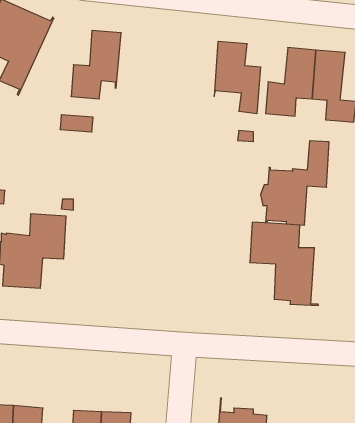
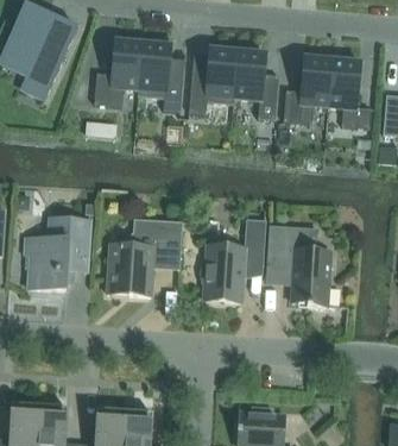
building: none -> [138,42,182,112]
building: none -> [188,48,236,114]
building: [261,141,329,225] -> [198,219,265,301]
building: none -> [102,218,182,295]

